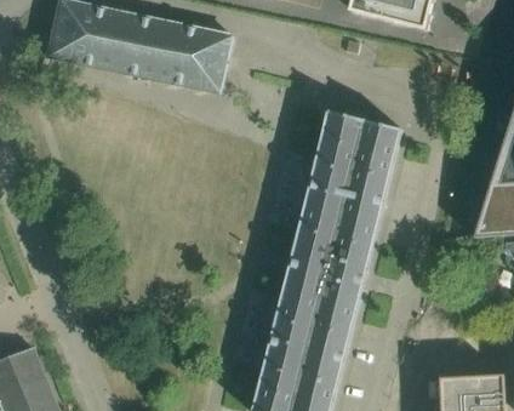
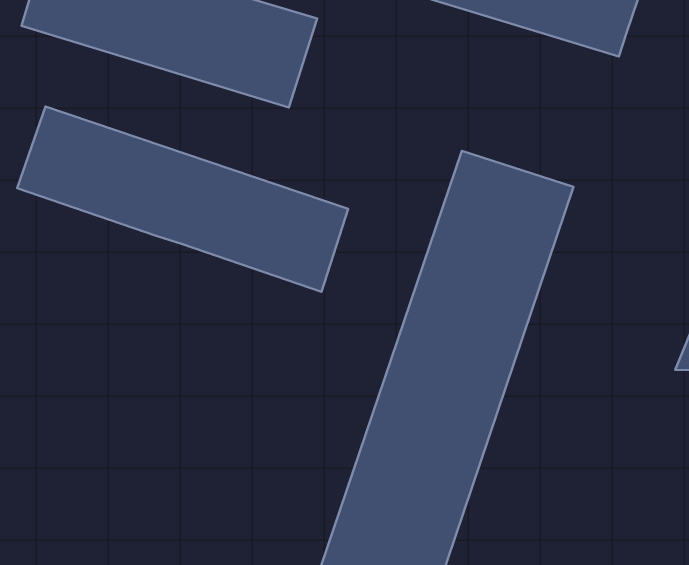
building: none -> [17,106,348,292]

